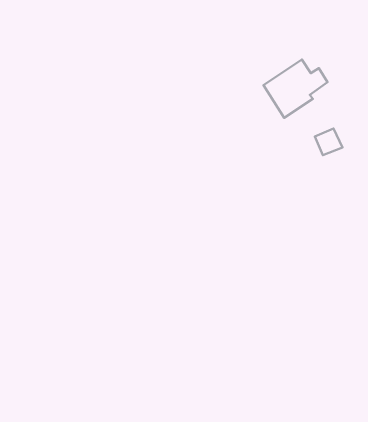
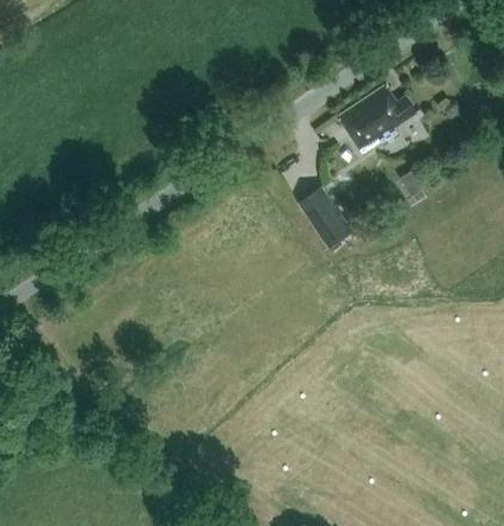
building: none -> [296,187,352,249]

